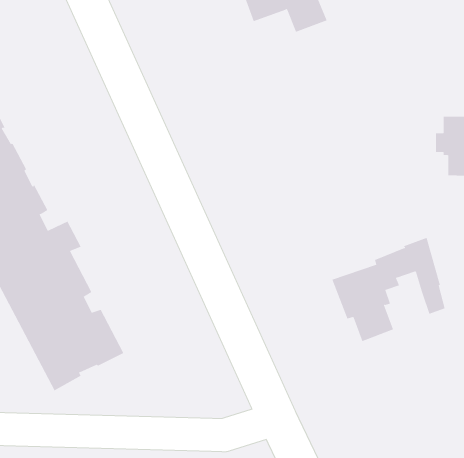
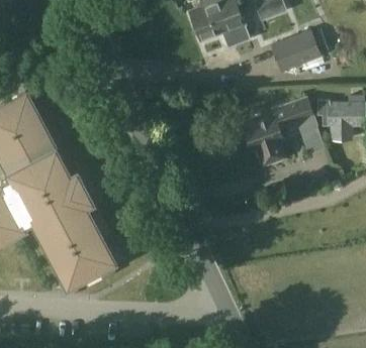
building: none -> [270,30,322,73]
building: [332,237,445,342] -> [243,96,318,165]

